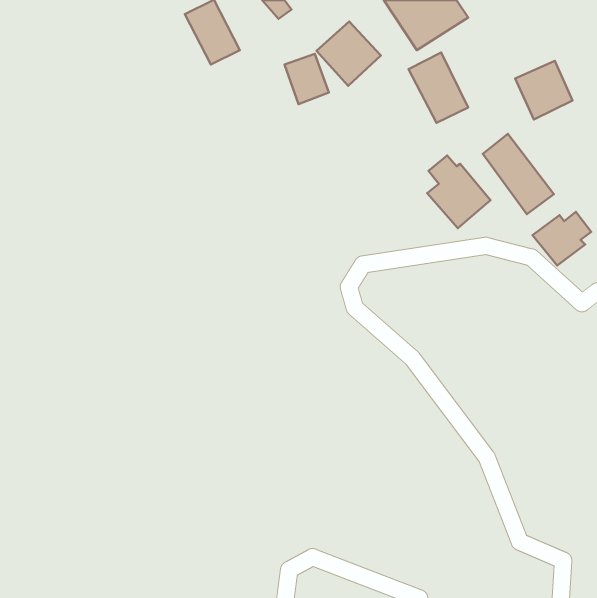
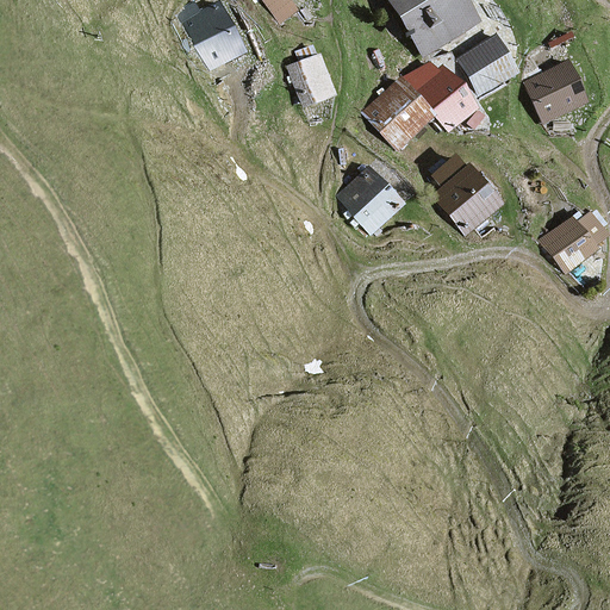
building: [316,22,381,86] -> [365,81,430,147]
building: none -> [460,37,515,93]
building: [483,134,554,214] -> none
building: none -> [340,169,400,230]

